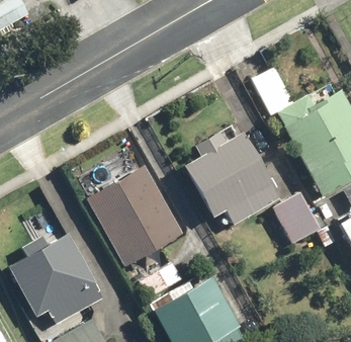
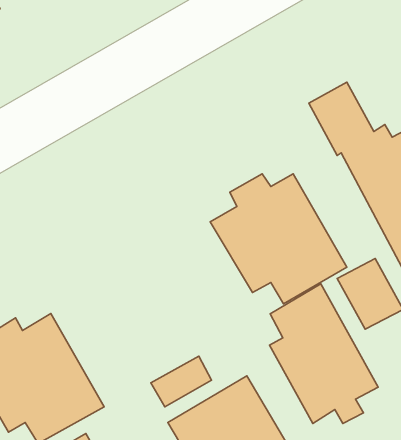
building: [88,165,185,266] -> none
building: none -> [269,284,378,423]

